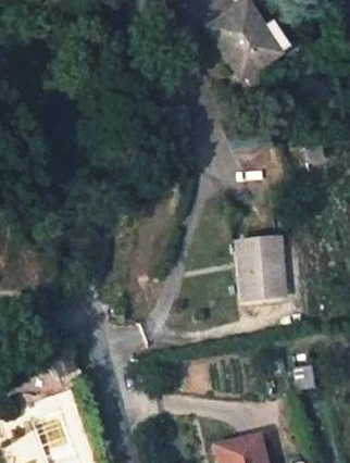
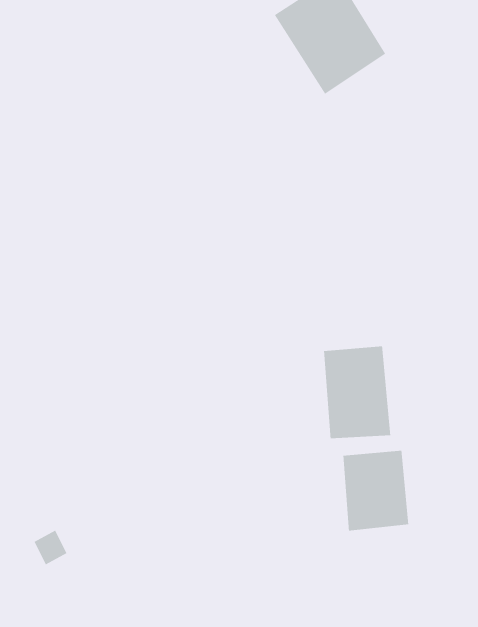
building: none -> [343,450,409,532]

